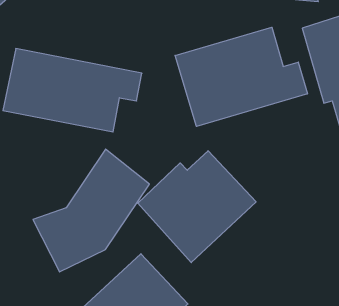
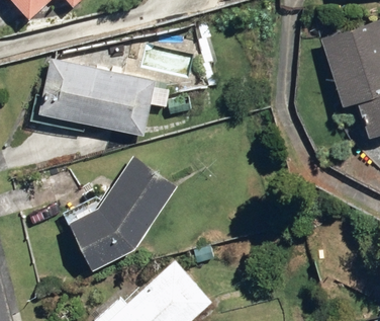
building: [175,27,307,126] -> none
building: [138,151,256,263] -> none

